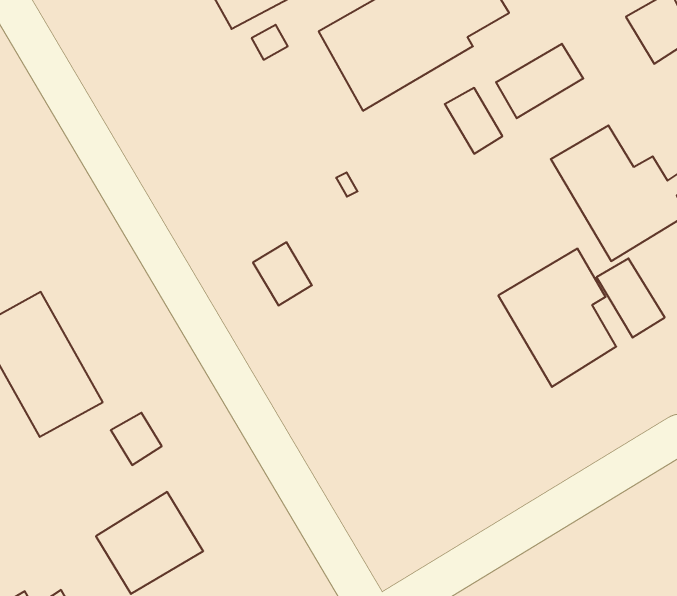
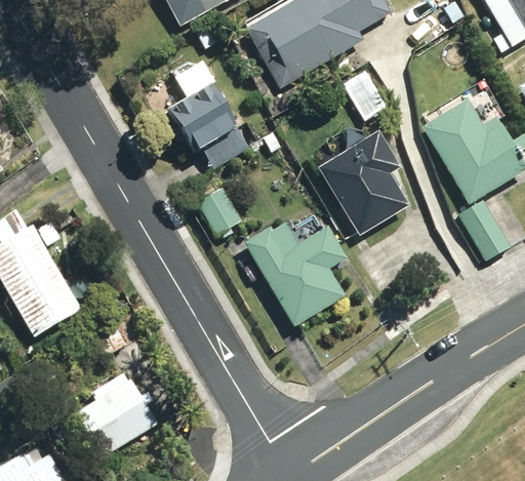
building: [496,44,583,118] -> none
building: none -> [170,82,238,150]
building: [498,249,616,387] -> [319,129,409,235]
building: none -> [244,222,347,325]

